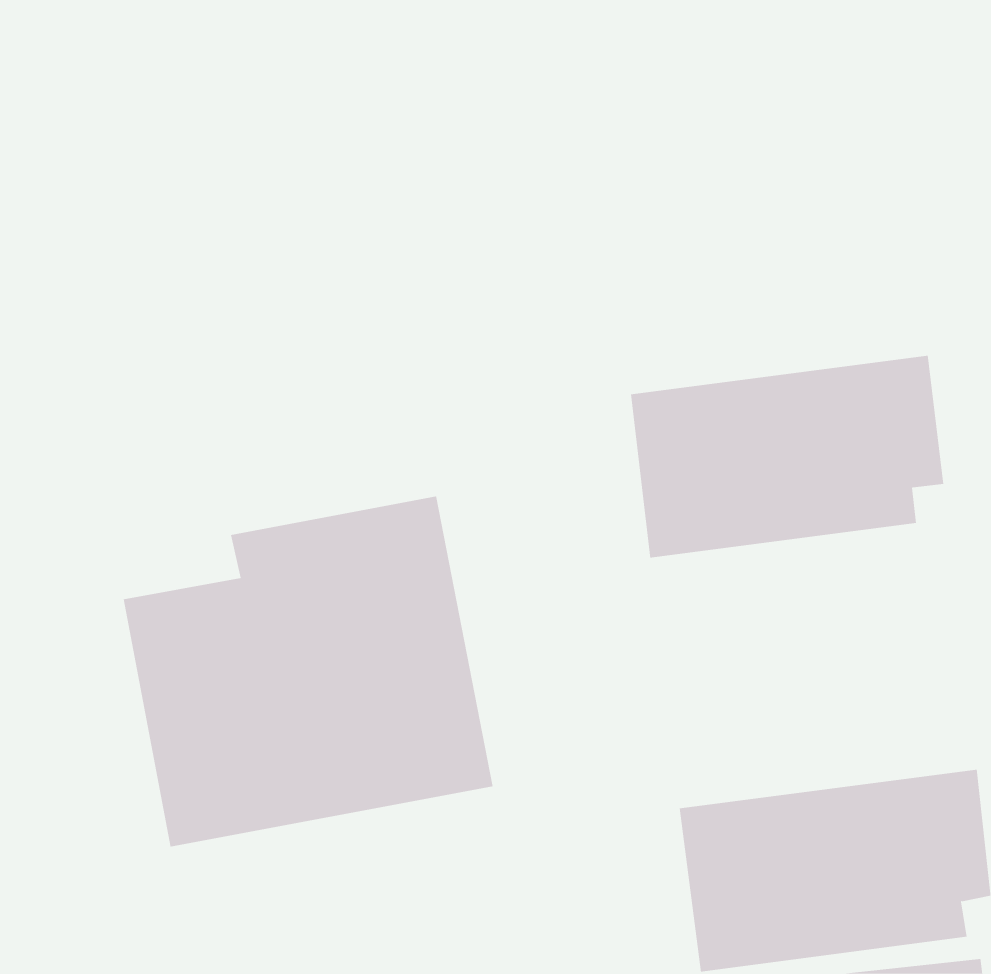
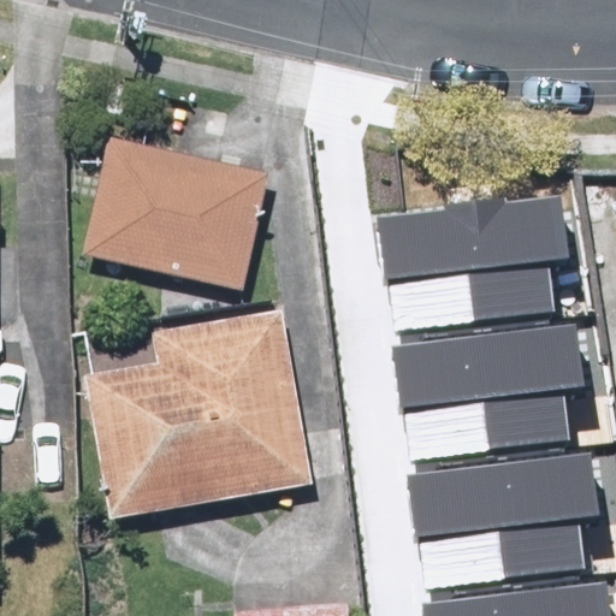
building: none -> [70,124,268,288]
building: none -> [403,340,598,464]

